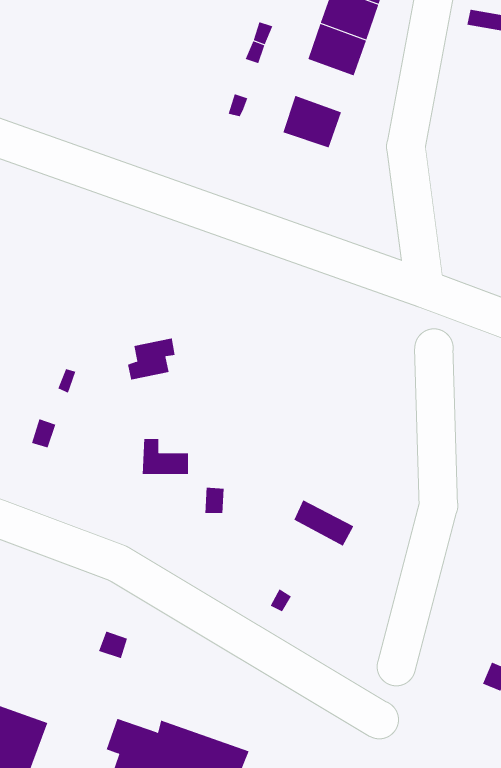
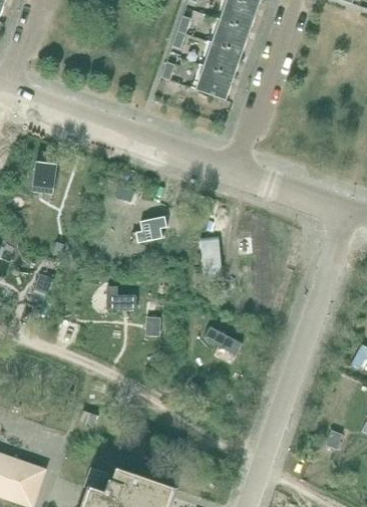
building: none -> [204,43,242,77]
building: none -> [32,162,56,189]
building: [127,338,176,380] -> [135,215,166,242]
building: none -> [200,237,220,267]

